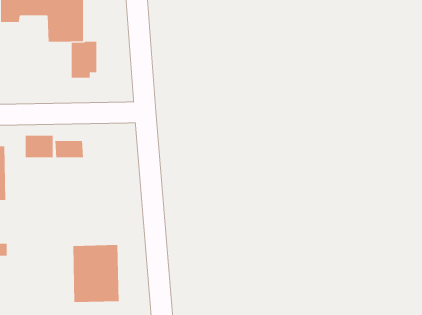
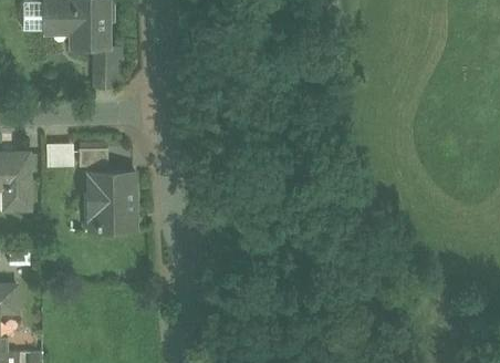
building: [72,245,119,302] -> [87,173,135,231]

